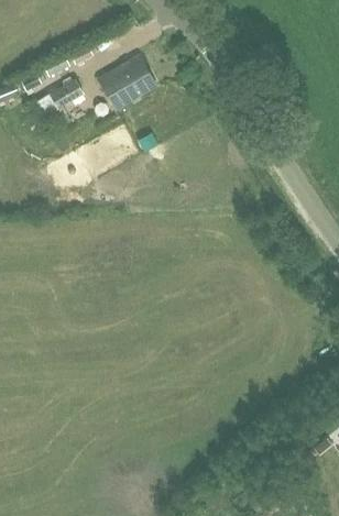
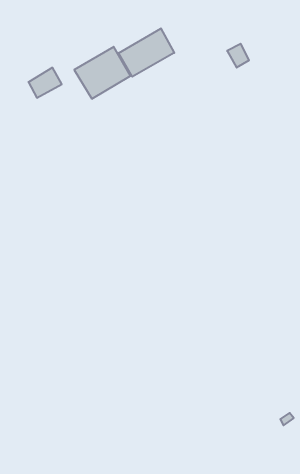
building: none -> [118,28,174,77]

